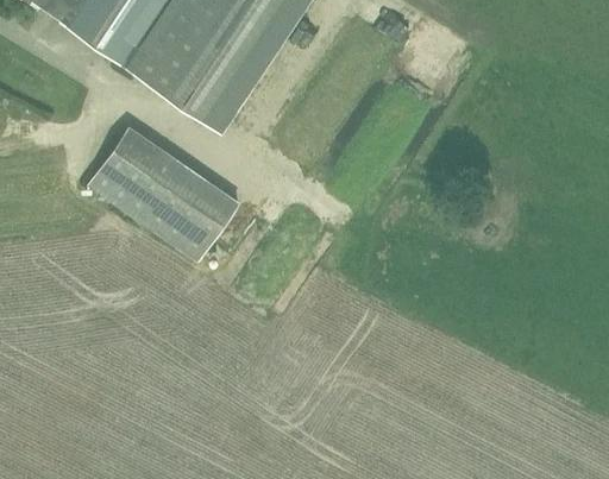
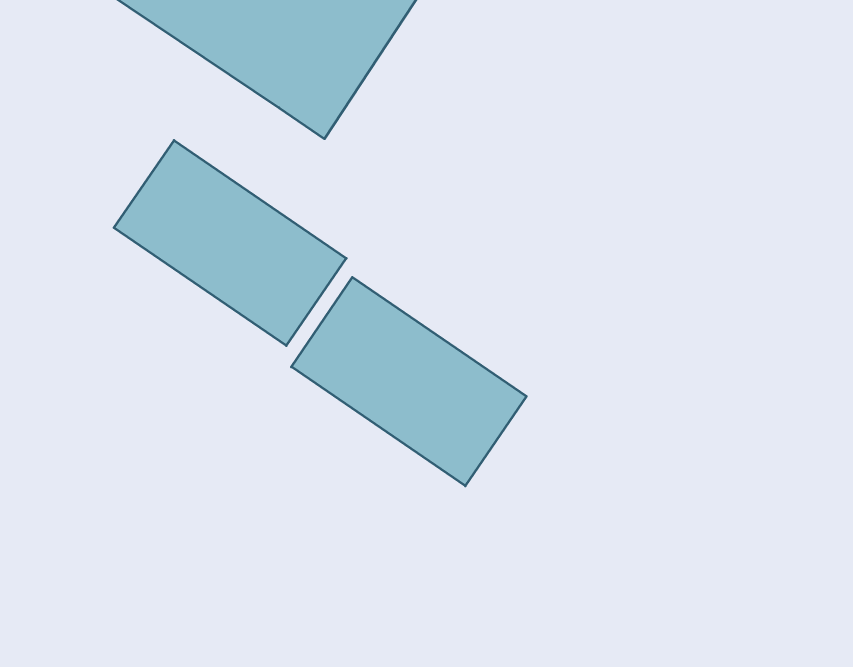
building: none -> [291,277,526,486]

